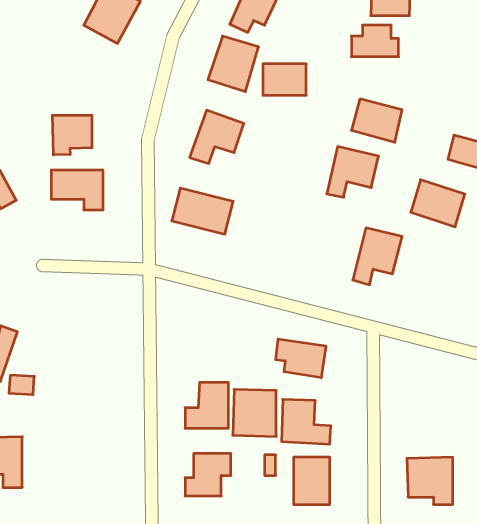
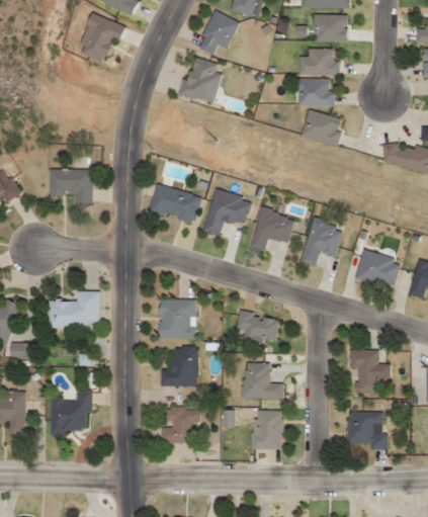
building: [263,64,306,95] -> [295,79,332,105]
building: [190,110,244,163] -> [203,190,249,235]
building: [52,115,92,155] -> none
building: [327,147,379,197] -> [251,208,294,251]
building: [411,180,465,227] -> [355,249,401,288]
building: none -> [49,291,99,328]
building: none -> [349,349,378,393]
building: [233,389,276,436] -> [159,299,195,339]
building: none -> [50,392,93,436]

